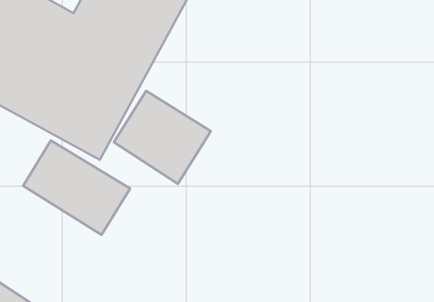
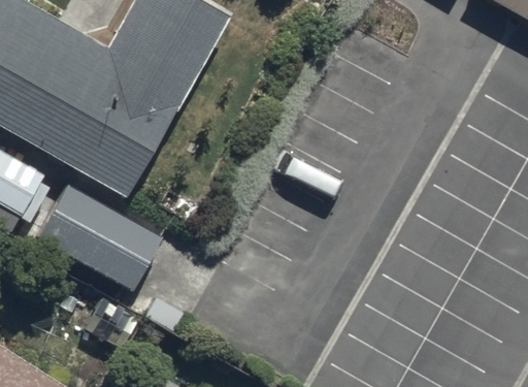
building: [114,91,211,184] -> none

